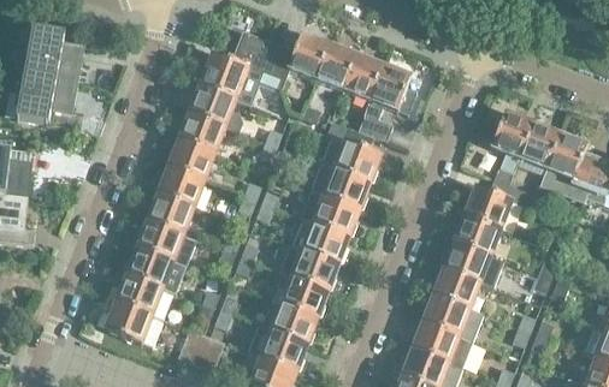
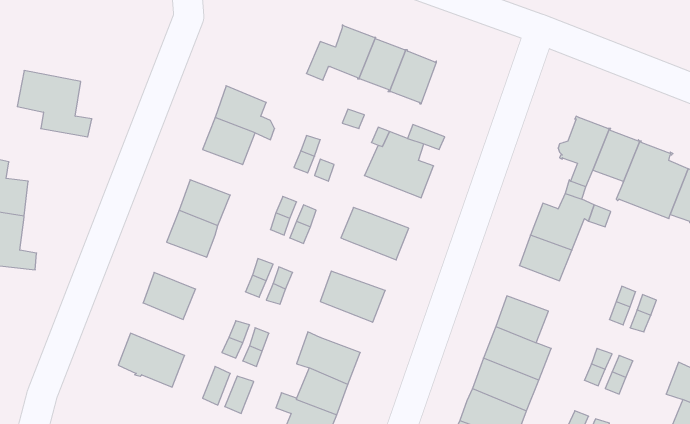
building: [19,28,79,82] -> none
building: [200,32,282,100] -> none
building: [369,65,412,112] -> none
building: [168,141,214,180] -> none
building: [311,163,369,209] -> none
building: [291,219,348,263] -> none
building: [137,221,196,267] -> none
building: [444,242,503,287] -> none
building: [277,273,327,317] -> none
building: [117,274,173,320] -> none

